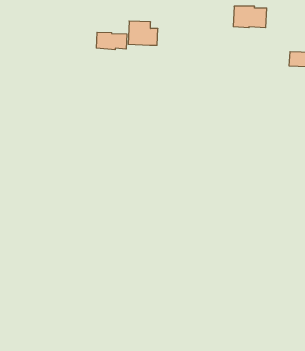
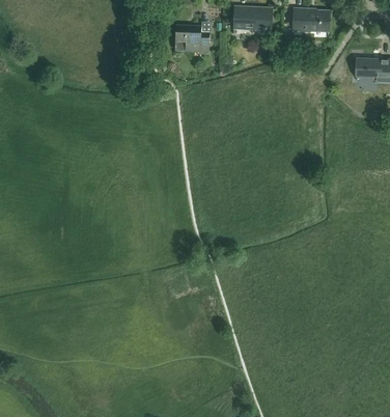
building: none -> [233,6,272,30]
building: [96,32,127,50] -> none

